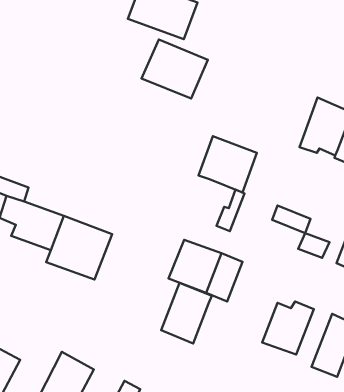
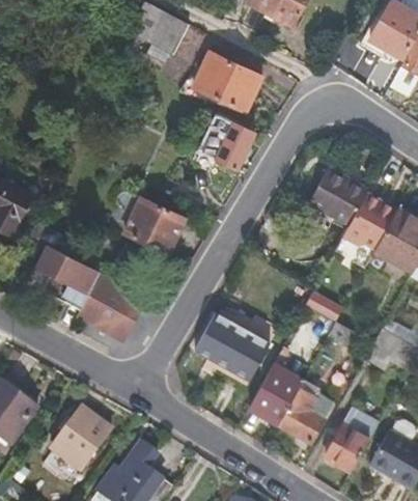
building: [199,136,257,192] -> [308,167,369,227]
building: none -> [124,197,185,253]
building: [161,283,212,343] -> [250,363,305,425]

